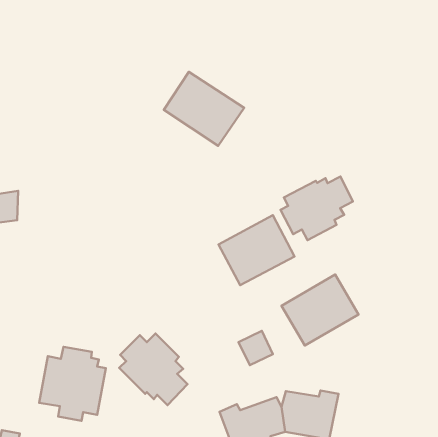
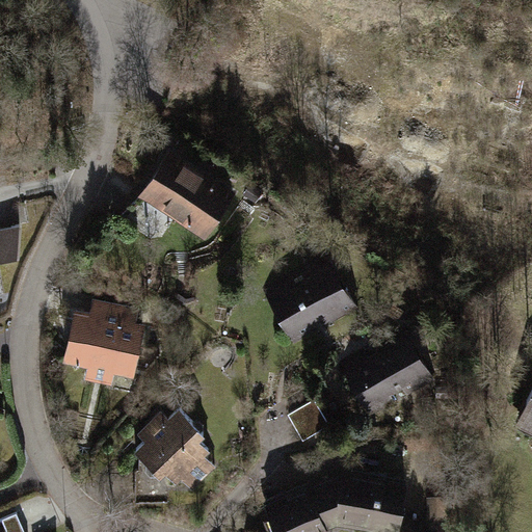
building: [164,72,244,146] -> [139,157,236,246]
building: [281,177,353,240] -> none
building: [39,347,106,421] -> [60,302,140,392]

